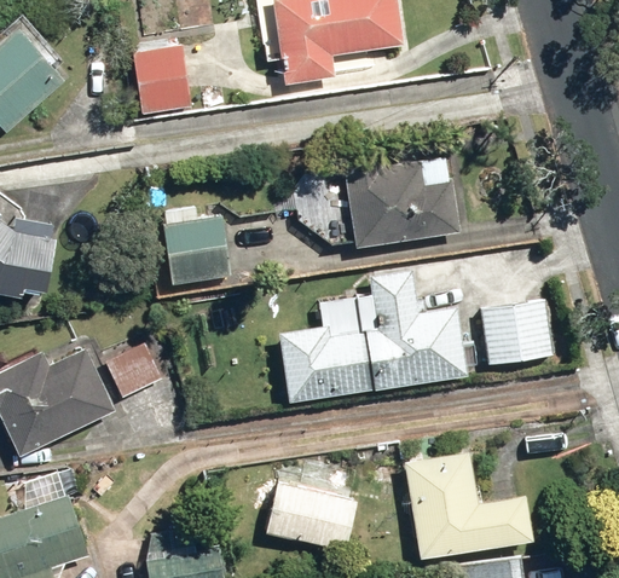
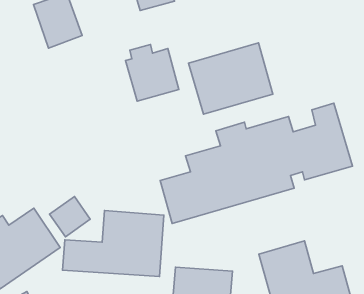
building: [160,207,231,287] -> [125,44,179,101]
building: none -> [63,210,164,276]

